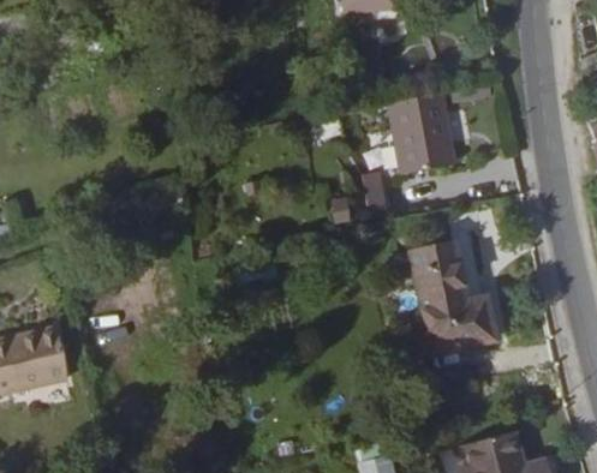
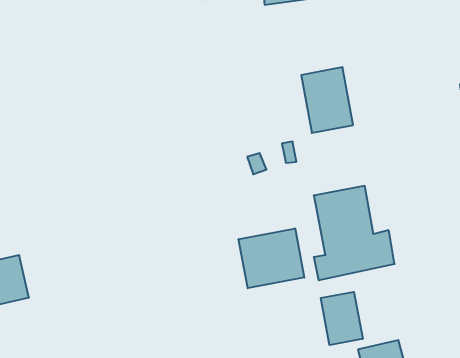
building: none -> [239,228,304,288]
building: none -> [321,292,363,345]

